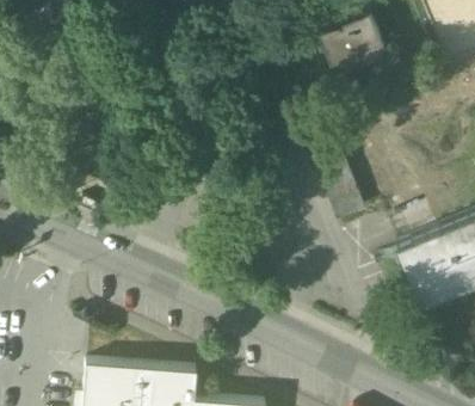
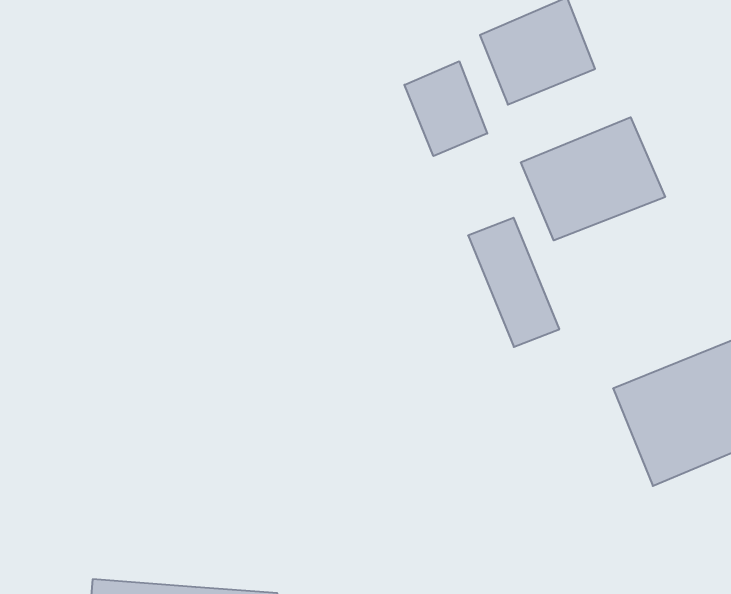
building: none -> [404,61,487,156]
building: none -> [521,117,665,240]

